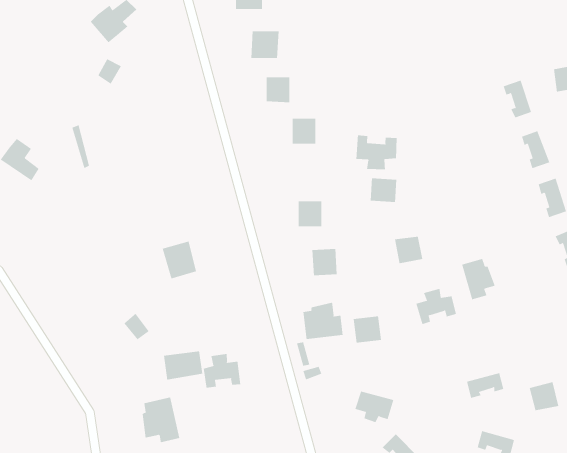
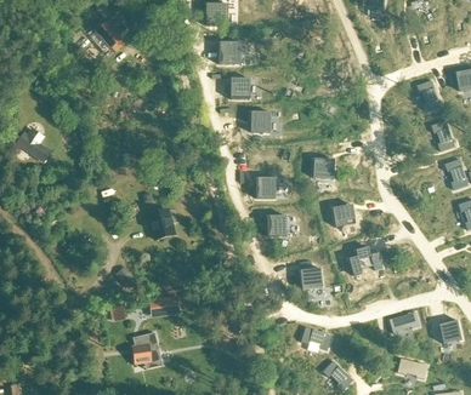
building: [356,134,397,170] -> none
building: [461,258,496,300] -> none
building: [303,302,343,340] -> none
building: [203,353,241,389] -> none

